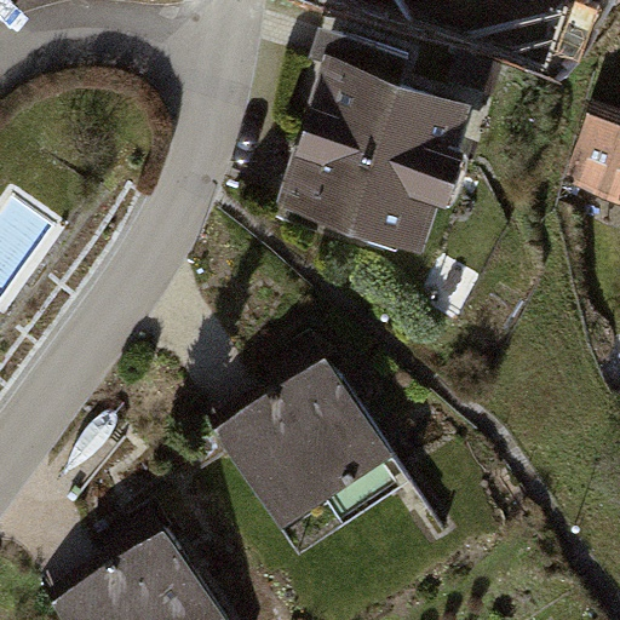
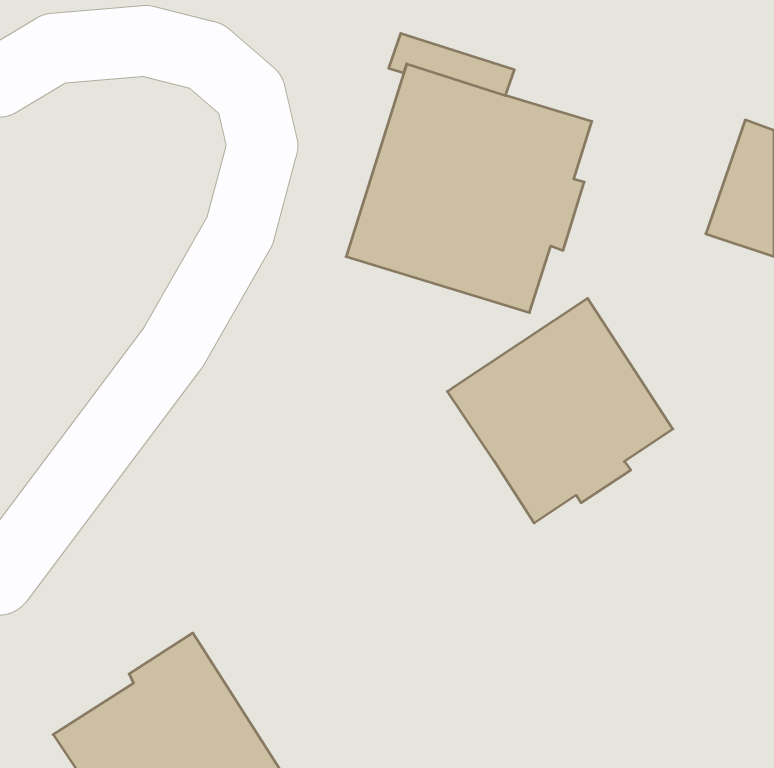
building: none -> [447,298,673,523]
building: [219,360,407,553] -> none

